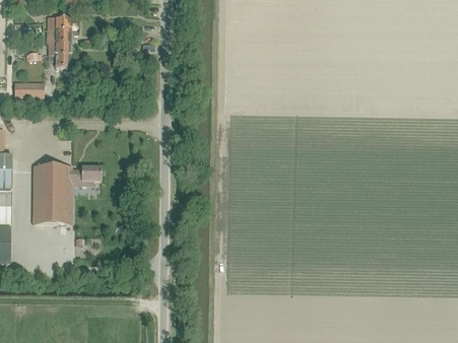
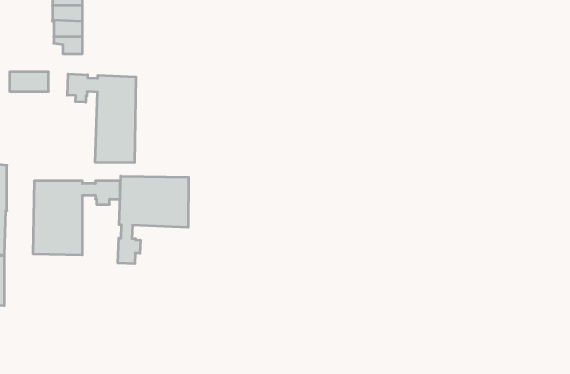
building: none -> [67,74,136,163]
building: none -> [118,176,189,264]

